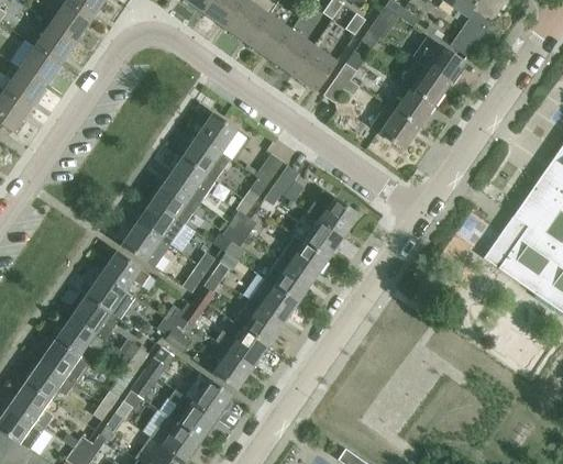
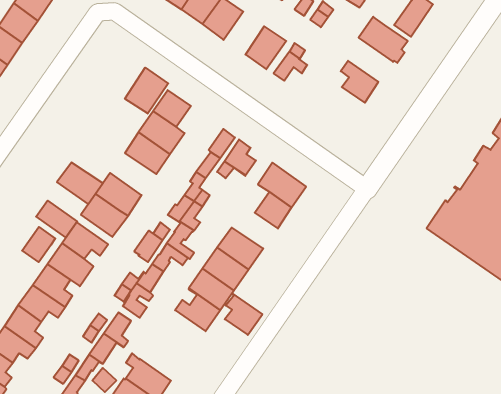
building: [271,31,313,76] -> none
building: [401,60,449,104] -> none
building: none -> [125,68,168,114]
building: [371,104,419,150] -> none
building: [152,179,200,223] -> [57,162,103,204]
building: none -> [36,201,77,237]
building: [279,235,328,279] -> none
building: none -> [22,227,55,262]
building: [212,344,252,388] -> [225,293,262,335]
building: [183,373,231,418] -> none

